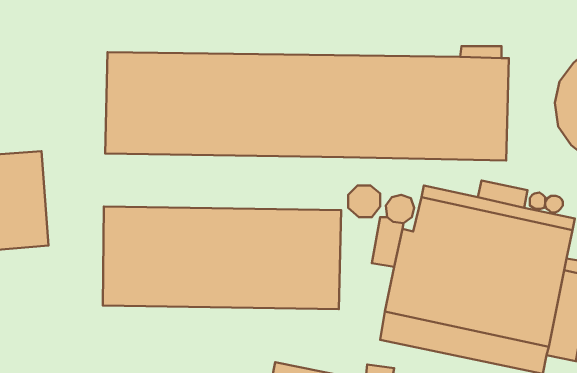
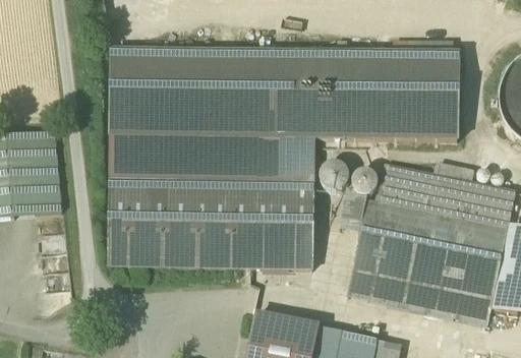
building: none -> [109,133,315,182]

